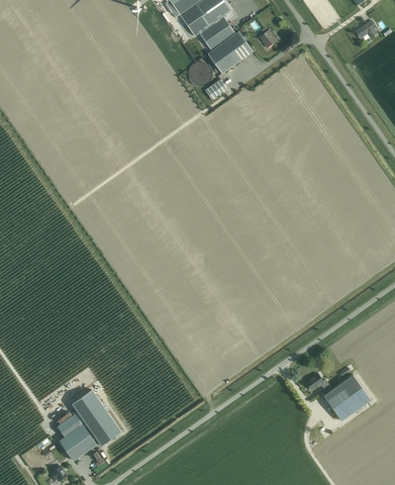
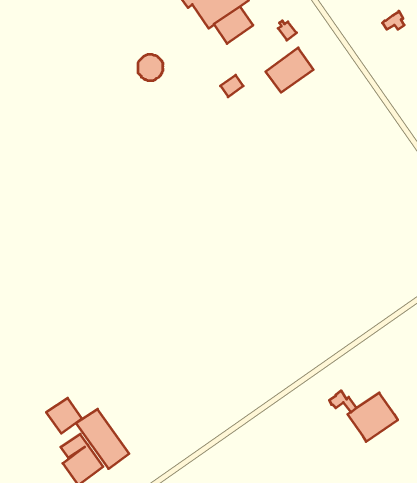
building: [207,31,252,73] -> [266,48,313,92]
building: [188,62,211,86] -> [138,54,163,81]
building: none -> [46,398,82,433]

